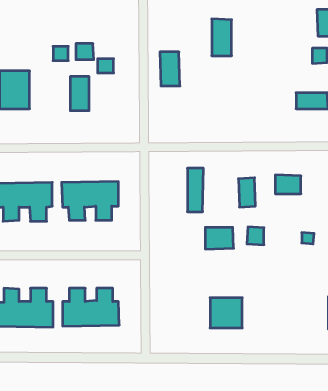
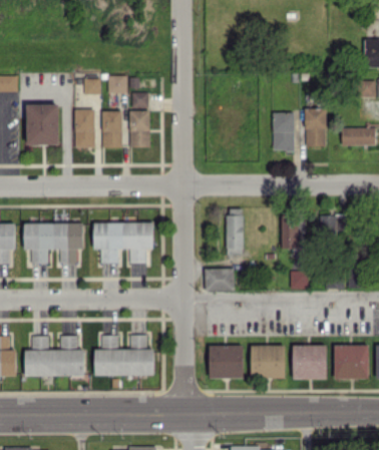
building: [212,19,232,56] -> [273,112,294,151]
building: [160,52,180,86] -> [129,111,150,147]
building: none -> [305,108,326,147]
building: none -> [74,109,95,148]
building: [205,227,234,249] -> [205,269,235,292]
building: none -> [209,346,244,379]
building: none -> [293,346,327,380]
building: none -> [334,346,369,380]

